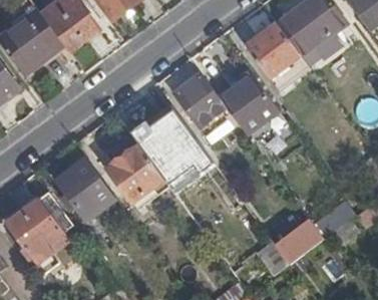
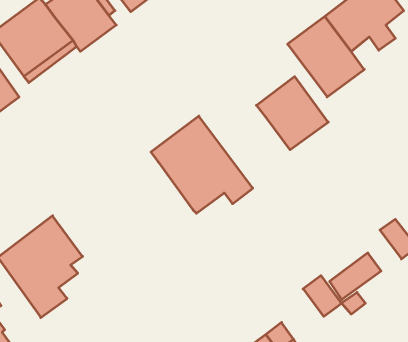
building: [174,73,226,126] -> none
building: [104,144,164,207] -> none
building: [55,158,114,220] -> none

